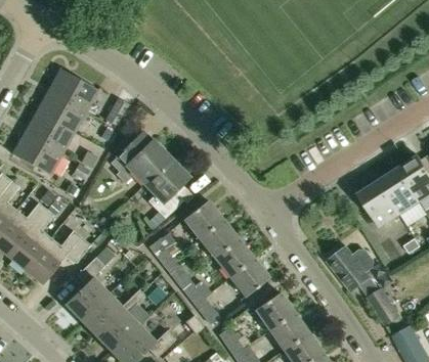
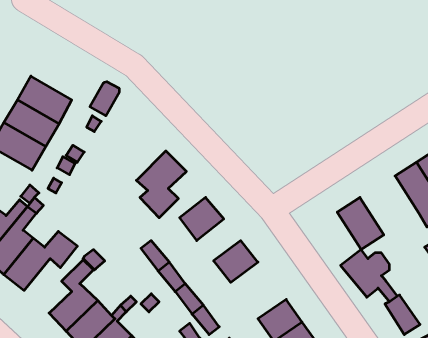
building: [49,70,99,112] -> none
building: [110,139,171,185] -> none
building: [357,181,399,228] -> [337,197,384,250]
building: [199,220,239,258] -> none
building: [229,259,269,297] -> none

